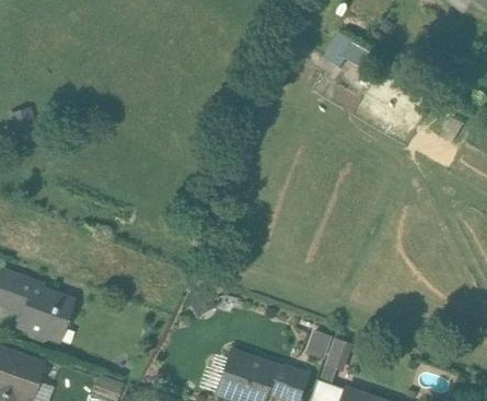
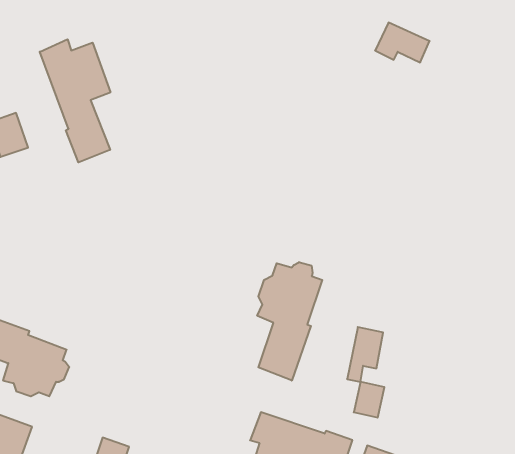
building: none -> [40,39,110,162]
building: none -> [257,262,322,381]
building: [323,335,352,380] -> [347,327,383,382]

